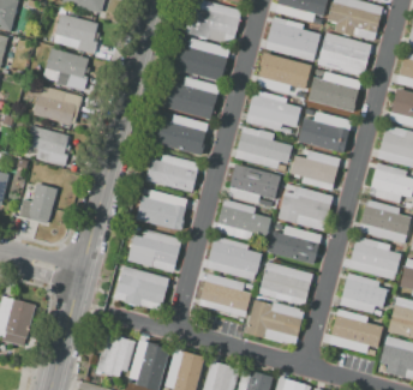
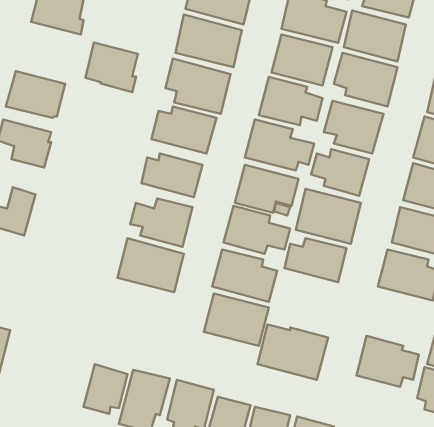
building: [43,48,88,90] -> [85,43,138,92]
building: [259,263,313,305] -> none
building: [114,266,168,311] -> none
building: [339,274,387,313] -> none

